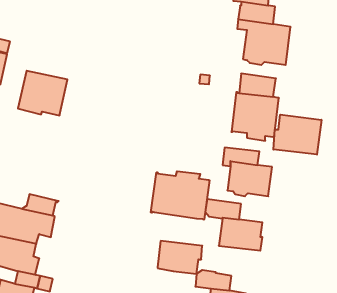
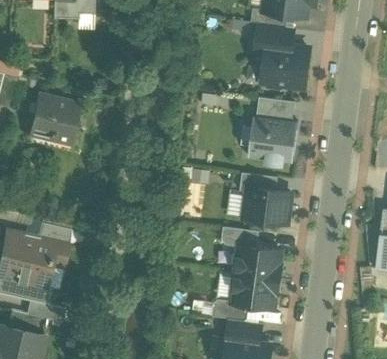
building: [273,115,321,155] -> none
building: [151,171,210,220] -> none
building: [158,241,202,274] -> [232,275,278,309]

